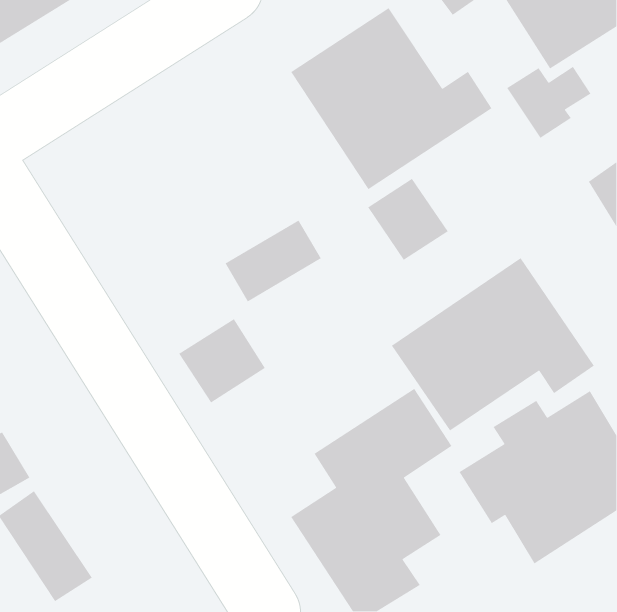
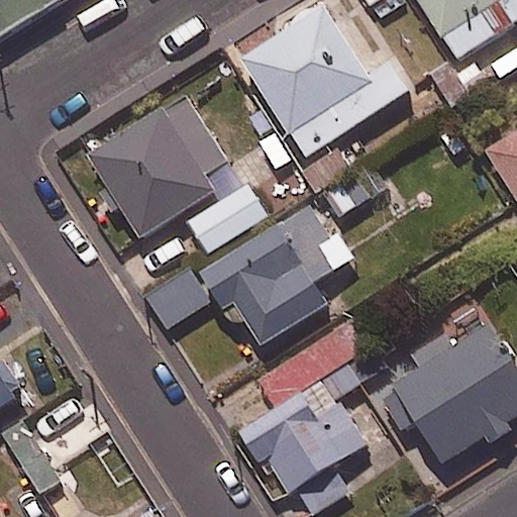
building: none -> [88,96,227,240]
building: none -> [204,204,346,352]
building: [391,257,595,432] -> none

